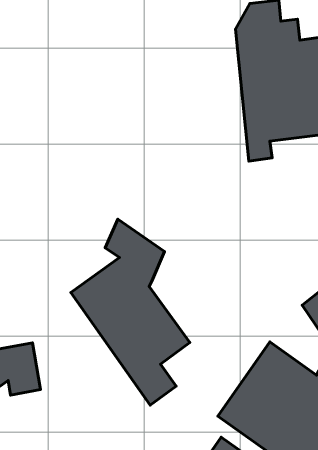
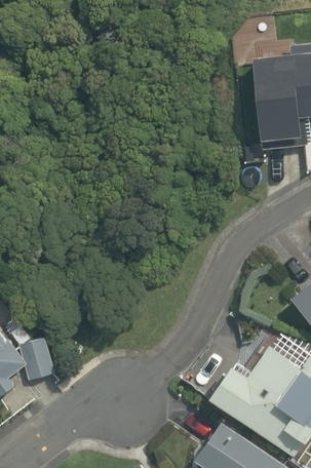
building: [71,219,190,405] -> none

